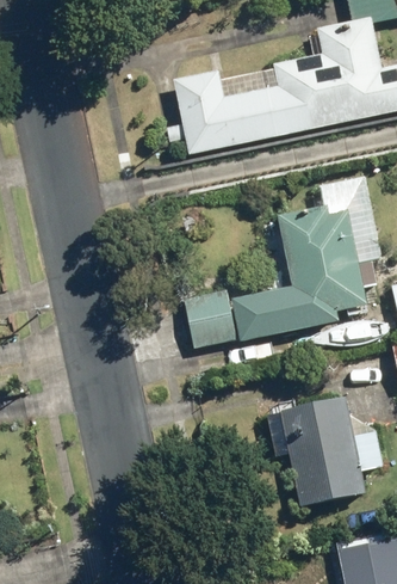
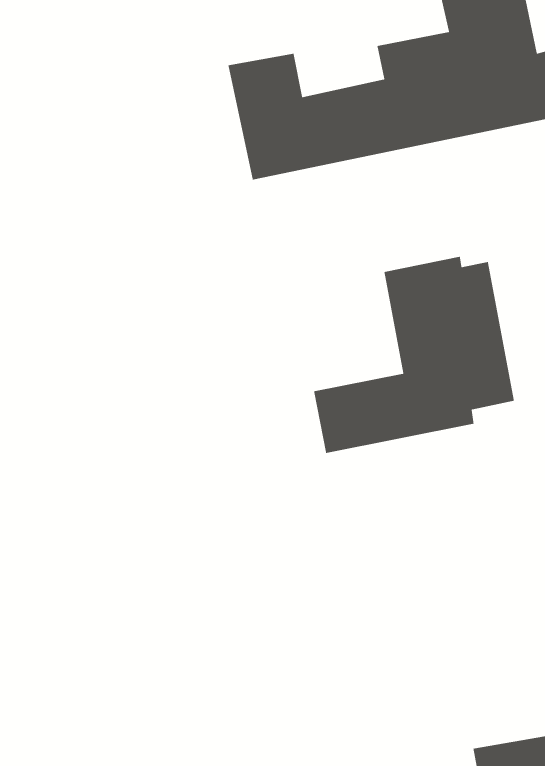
building: [184,289,235,346] -> none
building: [266,396,382,506] -> none

